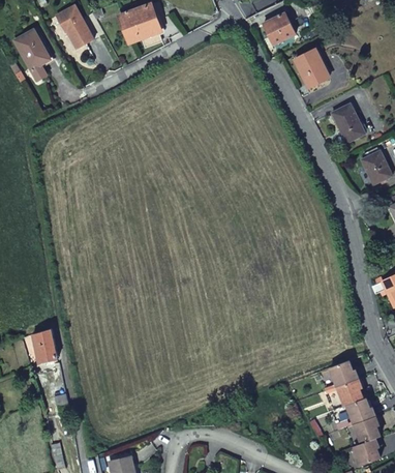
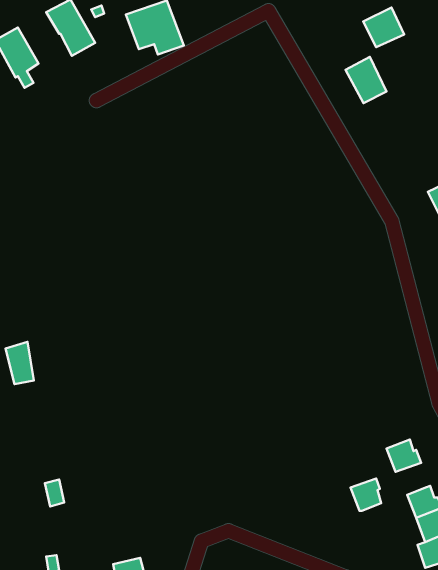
building: [262,12,295,45] -> [363,7,404,47]
building: [329,106,363,144] -> none
building: [33,325,56,359] -> [6,342,34,384]
building: [335,378,360,404] -> [350,479,381,511]

